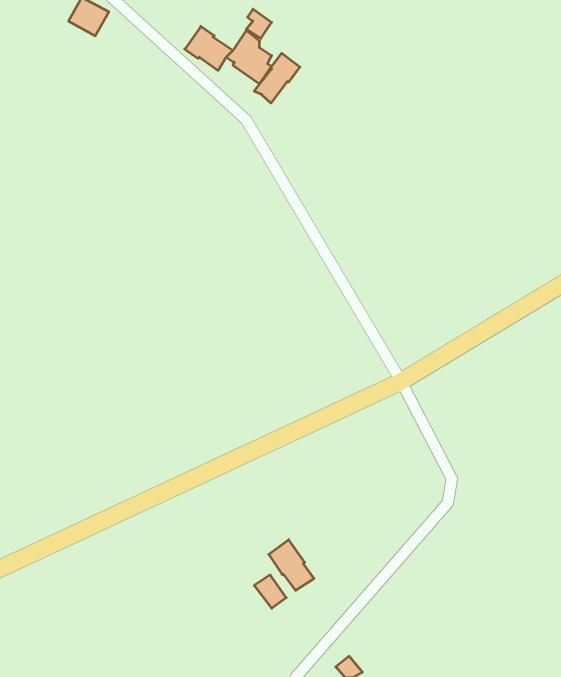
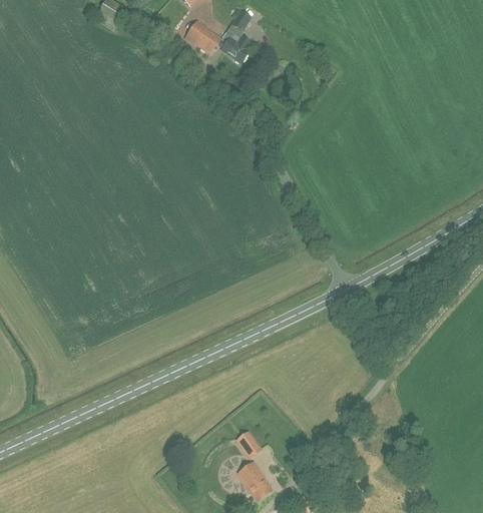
building: [254,53,300,103] -> none
building: [269,540,314,590] -> [237,462,272,500]

